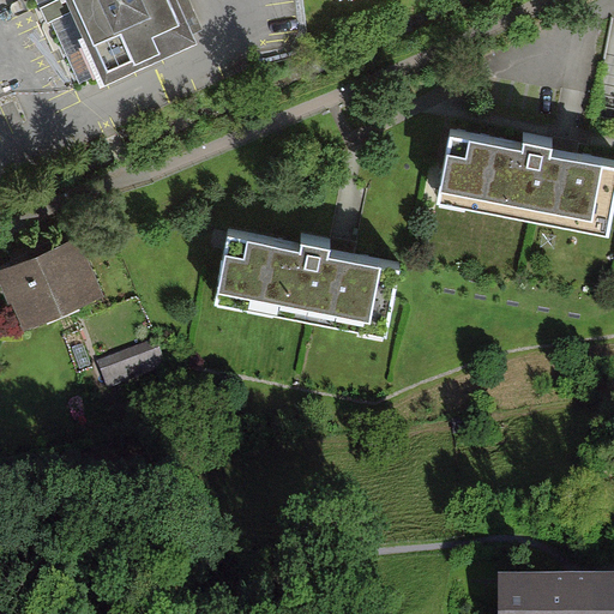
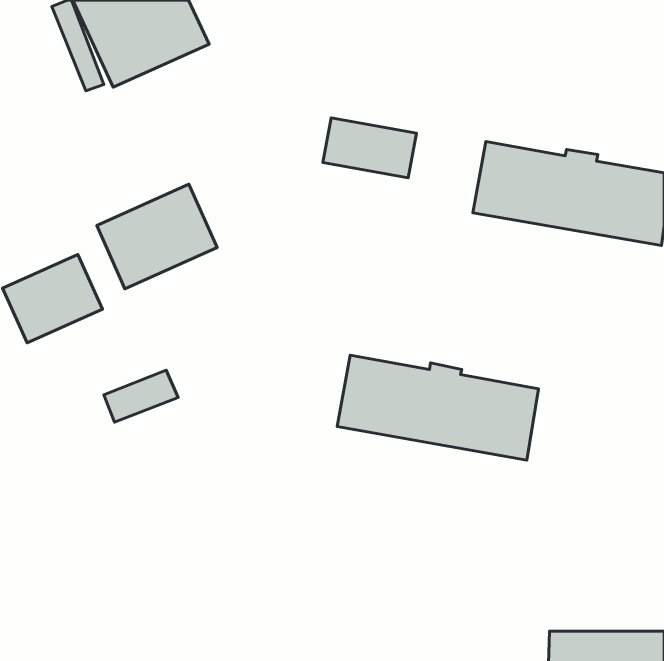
building: none -> [323,118,416,178]
building: none -> [97,184,217,289]
building: [215,231,401,329] -> [337,355,538,460]

